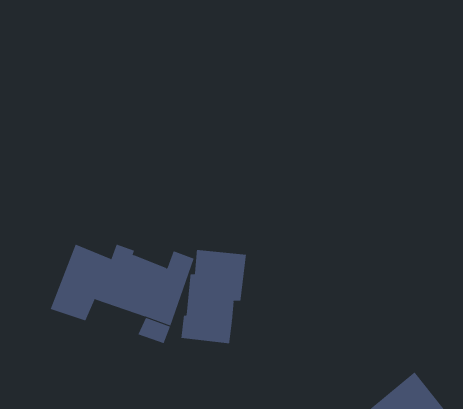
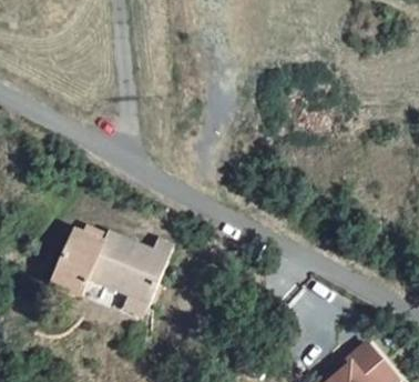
building: [181,249,246,344] -> none

